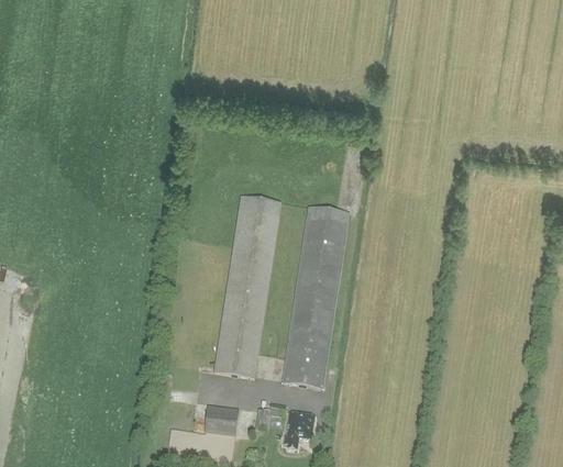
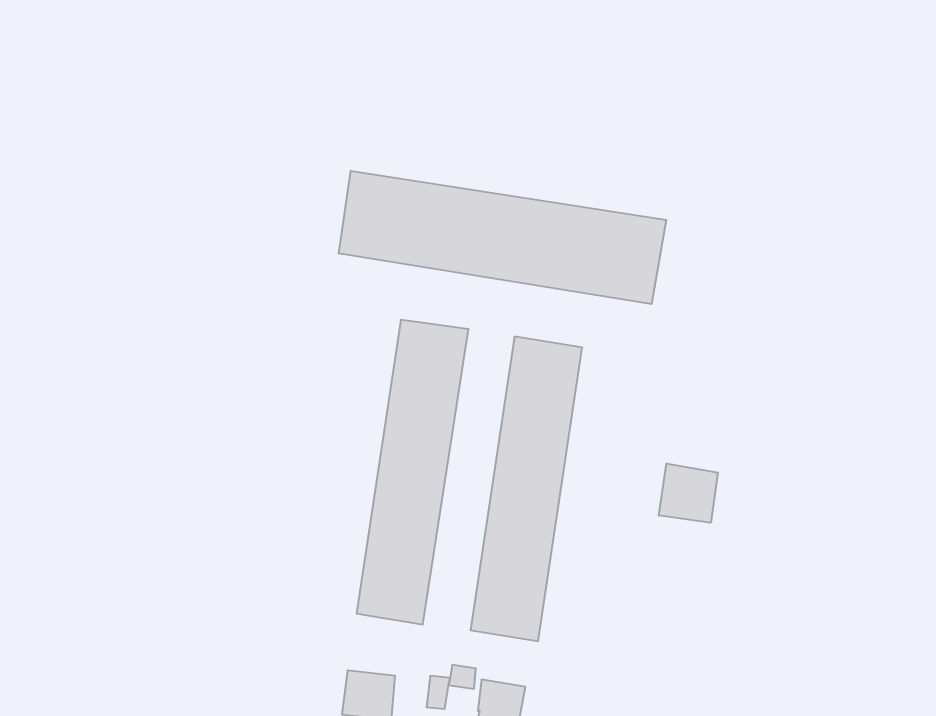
building: none -> [339,171,666,304]
building: none -> [659,463,718,523]

